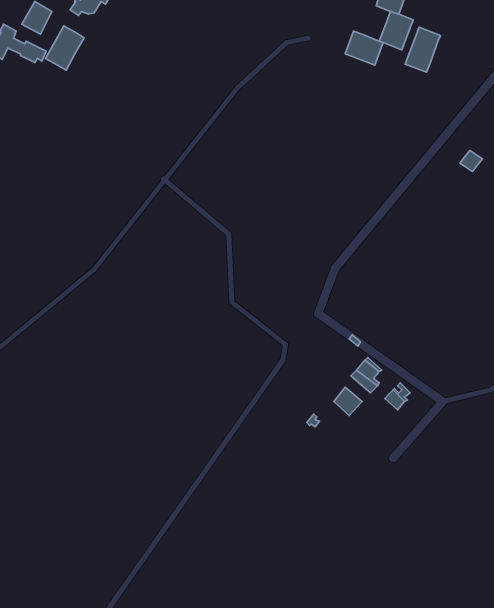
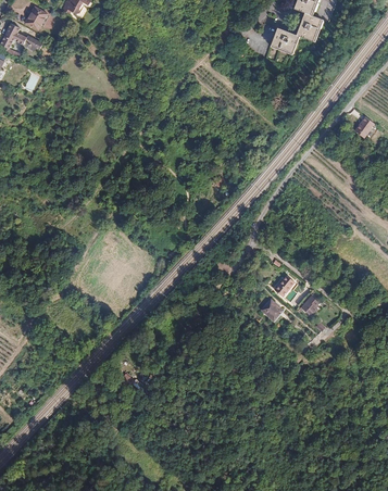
building: [45,26,84,70] -> none
building: [405,27,440,72] -> none

